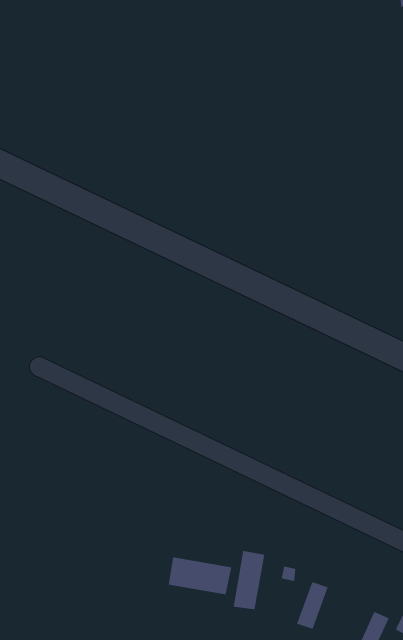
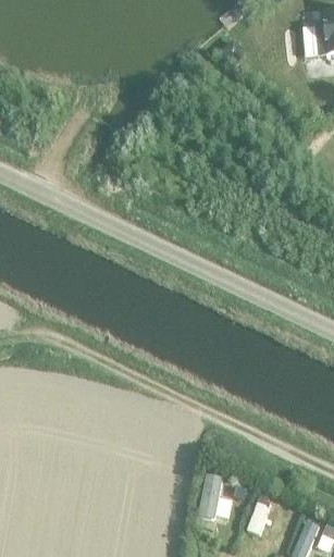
building: [168,556,232,595] -> none

